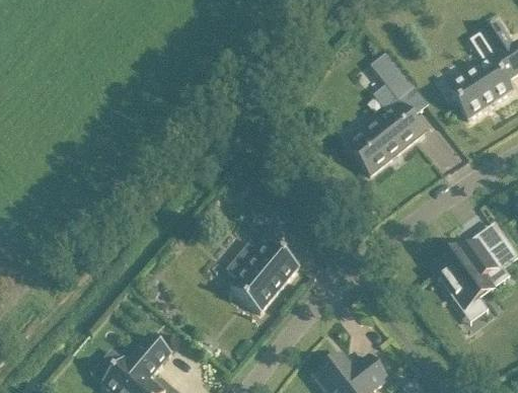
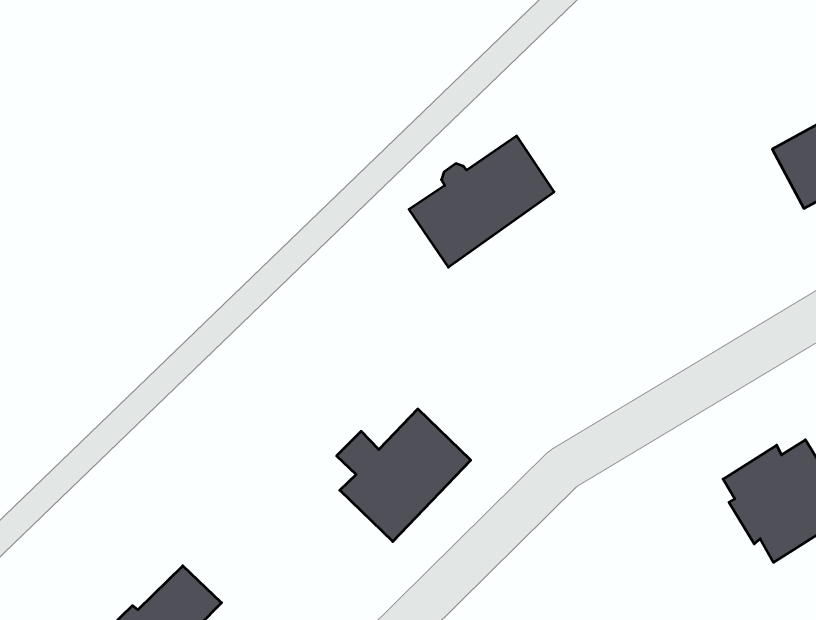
building: [371,56,413,99] -> none
building: [346,102,423,175] -> [409,136,554,267]

